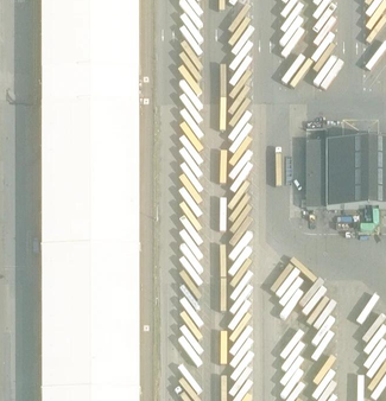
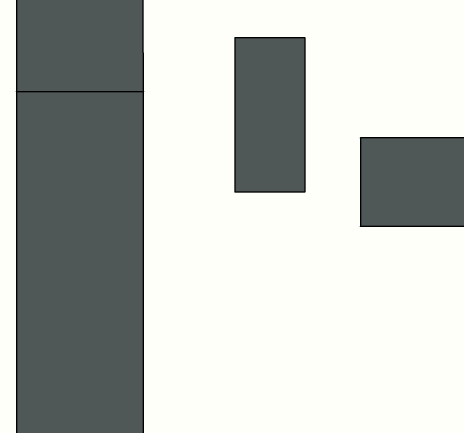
building: none -> [235,38,305,192]

